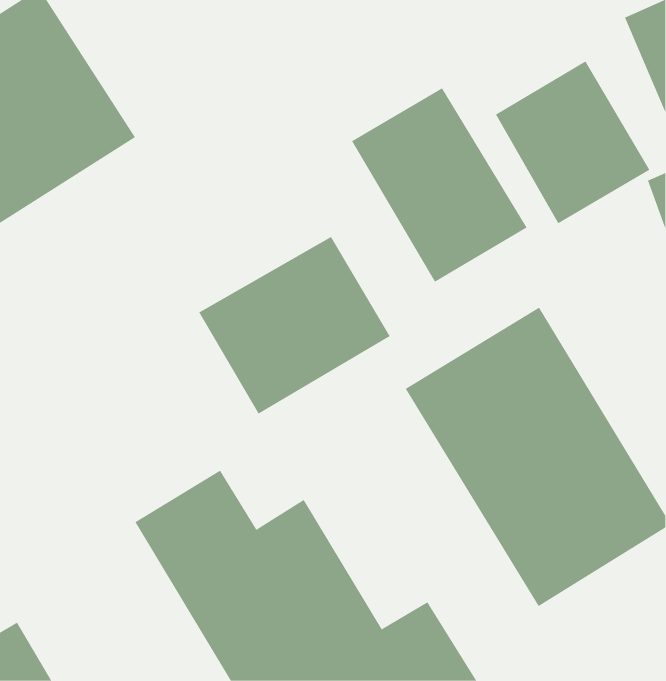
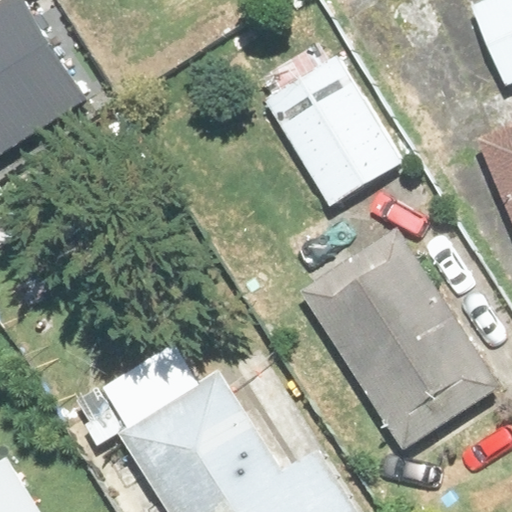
building: [495,61,650,224] -> none
building: [198,236,391,415] -> none

